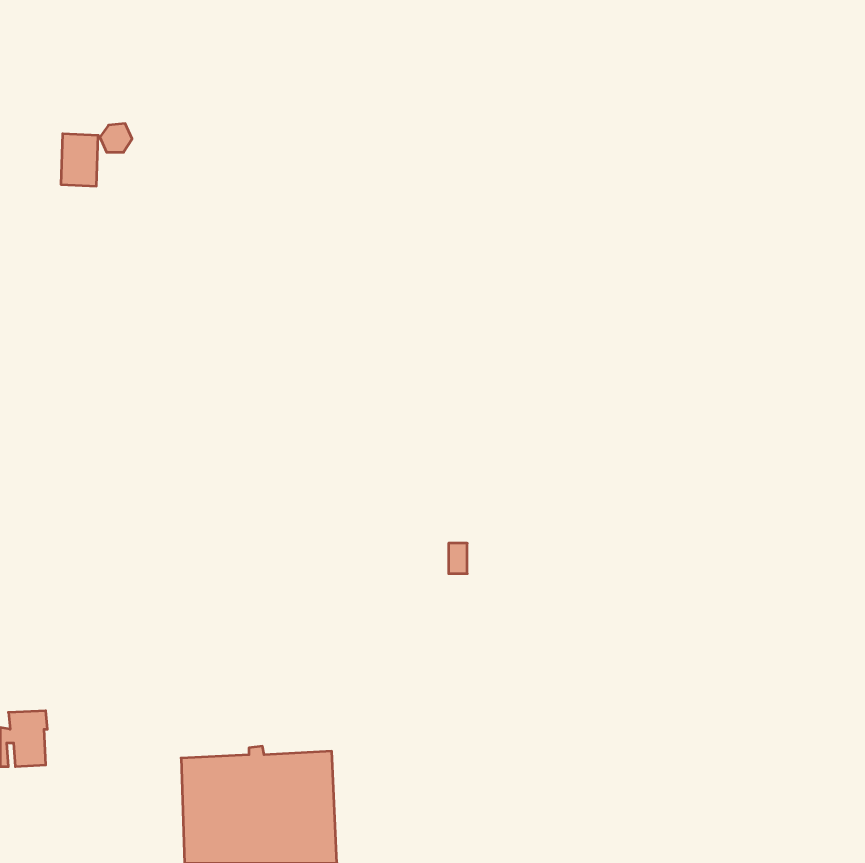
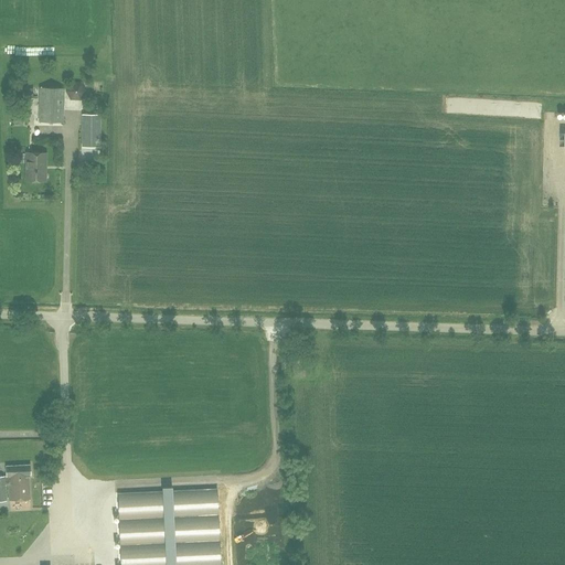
building: none -> [82,114,100,147]
building: none -> [25,152,45,180]

